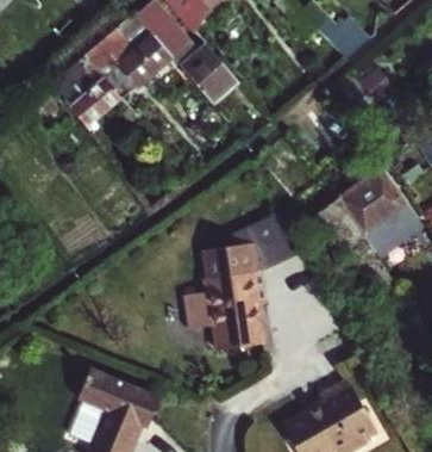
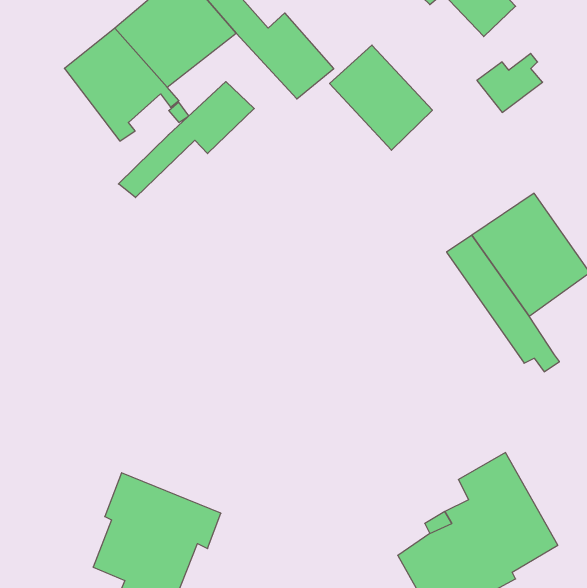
building: none -> [330,45,432,150]
building: none -> [118,82,254,198]
building: [200,210,301,349] -> none

